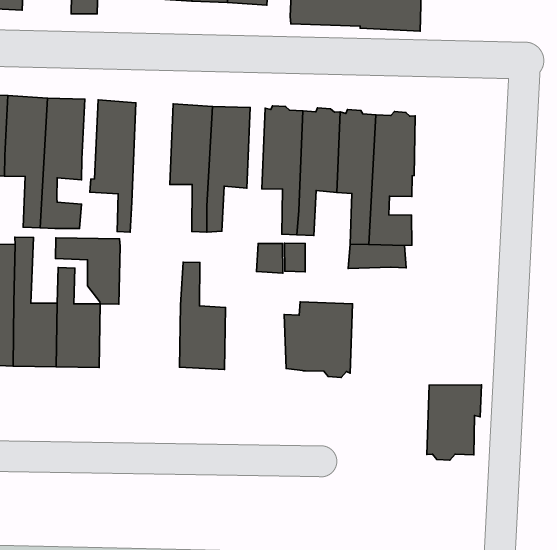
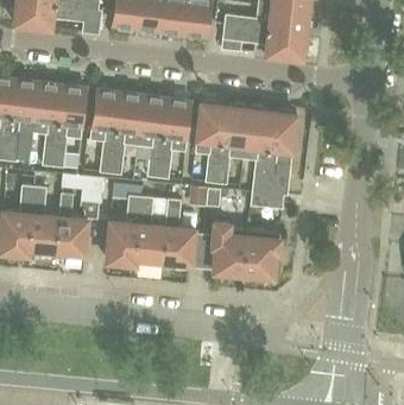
building: none -> [109,91,143,175]
building: none -> [107,194,141,264]
building: none -> [163,198,203,267]
building: [427,385,482,460] -> [242,229,280,278]

